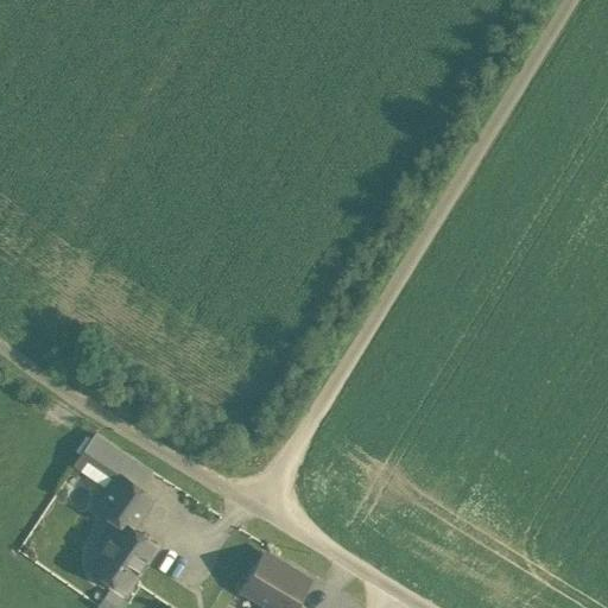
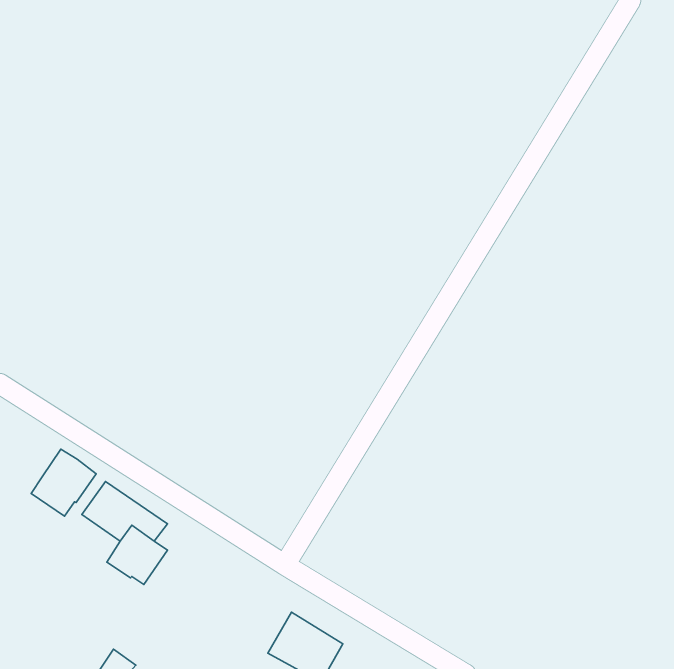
building: none -> [31,449,96,516]
building: [88,524,154,594] -> none

